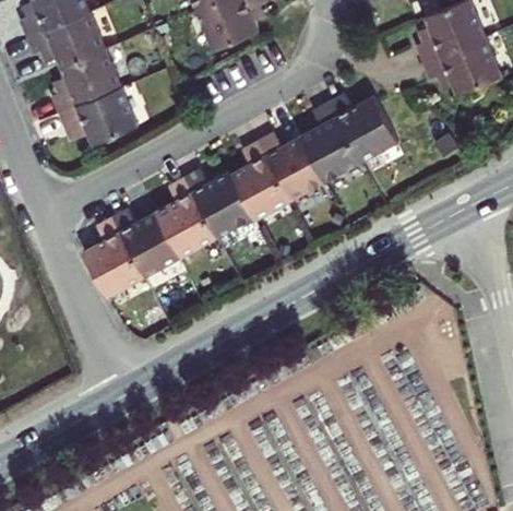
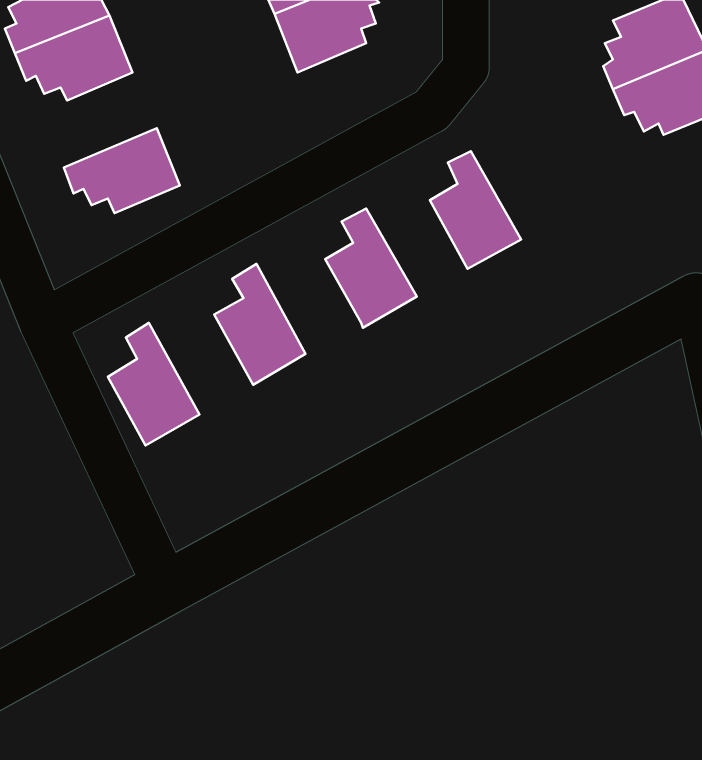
building: [50,50,119,114] -> none
building: [329,94,401,162] -> none
building: [259,132,326,200] -> none
building: [186,169,255,238] -> none
building: [114,210,183,278] -> none

